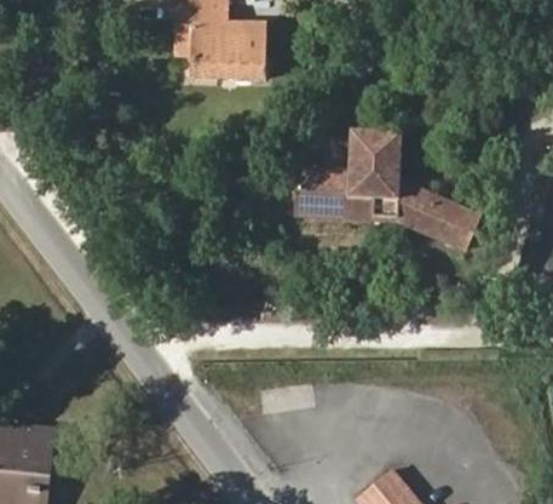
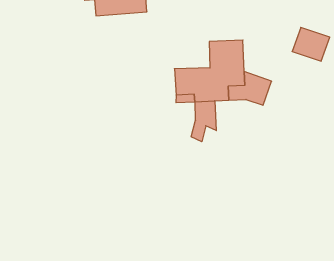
building: [422,197,479,250] -> [292,27,330,61]
building: none -> [191,101,216,142]

